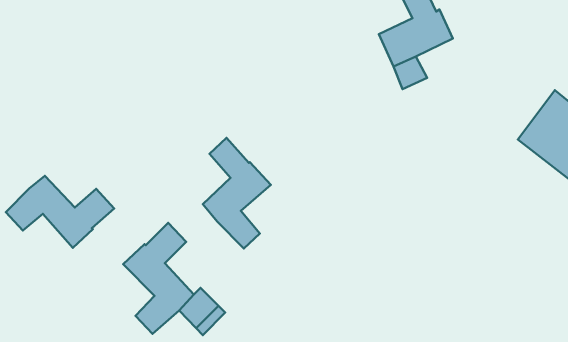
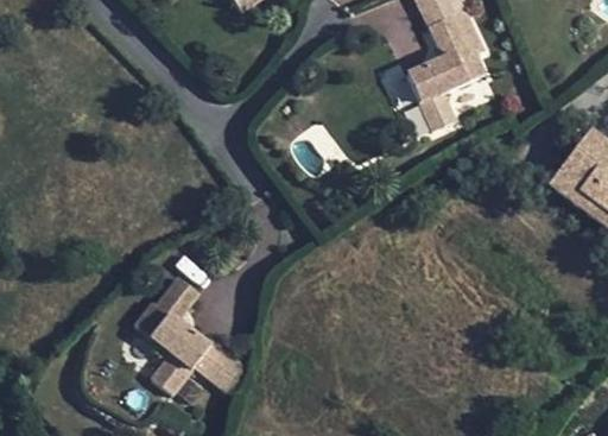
building: [203,138,271,248] -> none
building: [6,176,114,248] -> none

